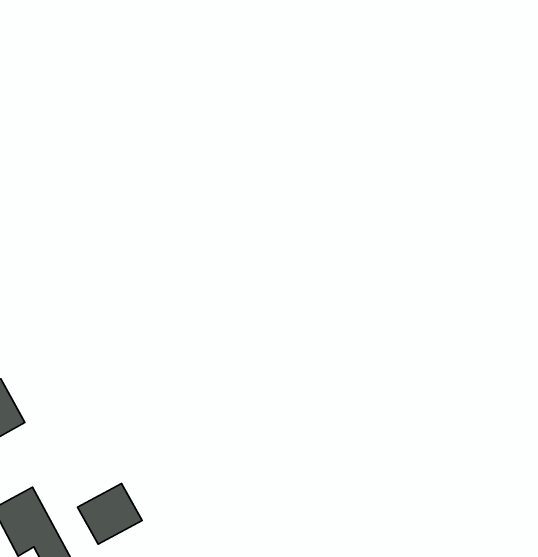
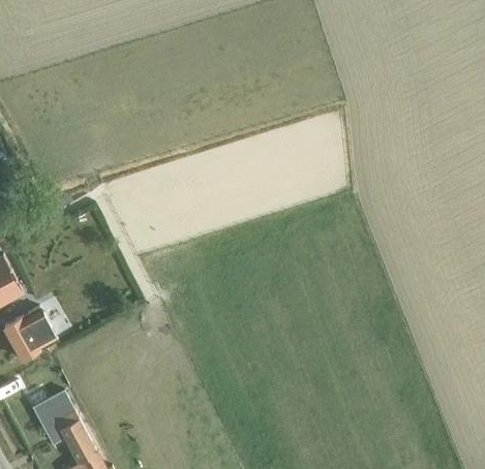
building: [78,484,142,544] -> none

